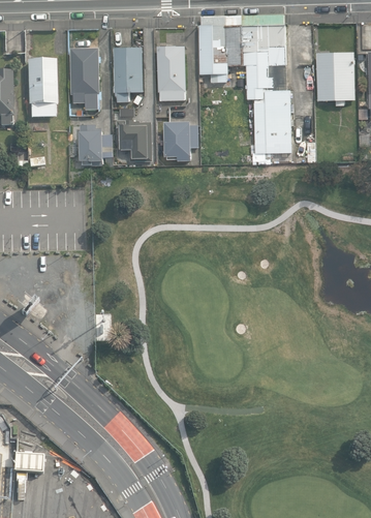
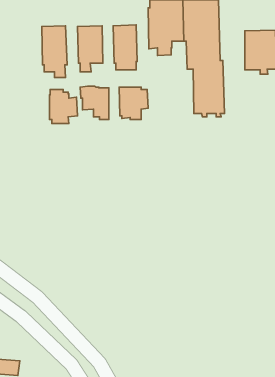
building: [26,59,57,118] -> none

